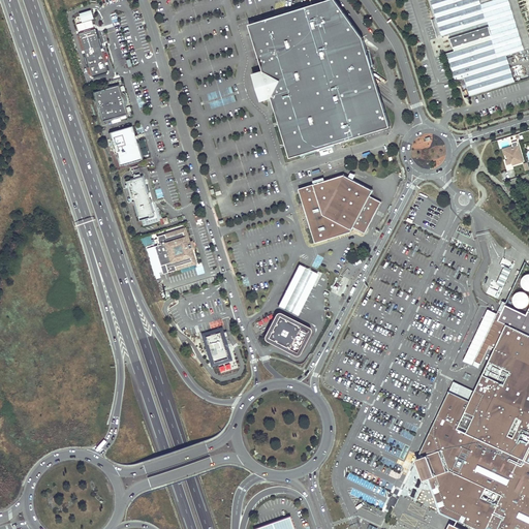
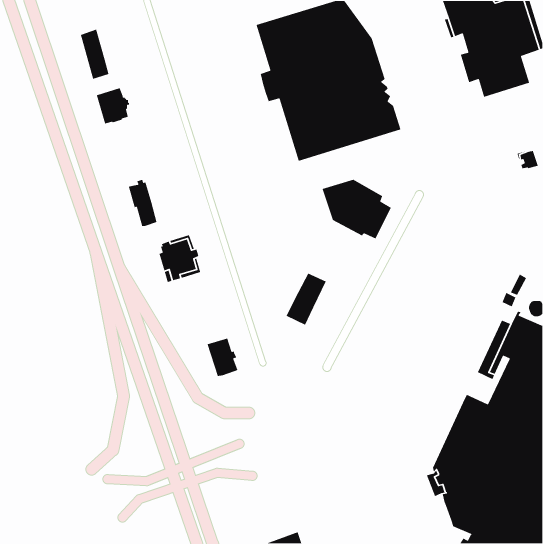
building: [108,126,141,165] -> none
building: [298,183,351,241] -> none
building: [262,311,312,356] -> none

